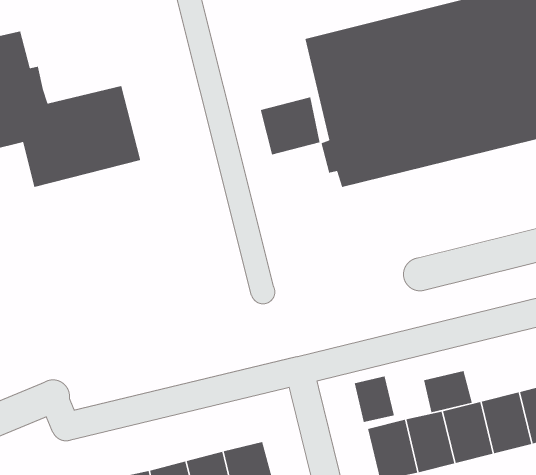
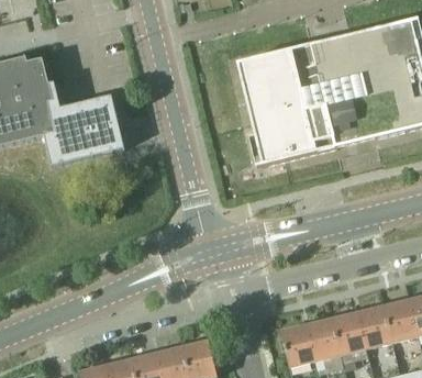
building: [260,96,321,155] -> none
building: [423,370,473,413] -> none
building: [354,376,395,423] -> none

